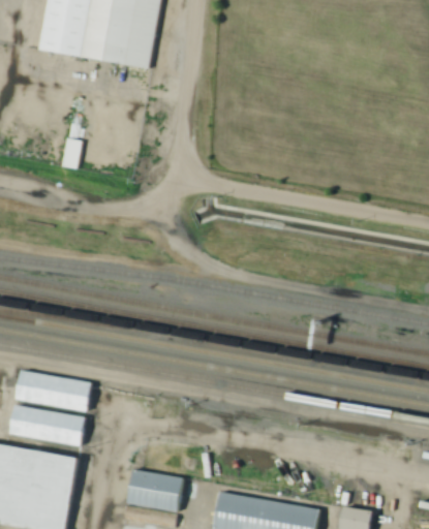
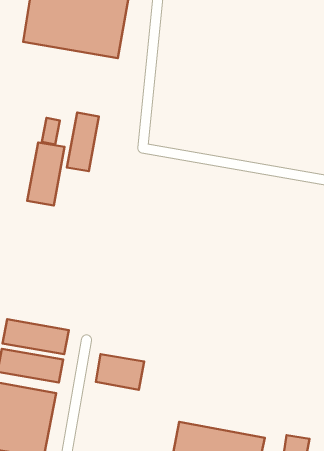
building: none -> [67,113,99,171]
building: none -> [27,142,65,205]
building: [127,469,183,510] -> [96,354,144,390]

